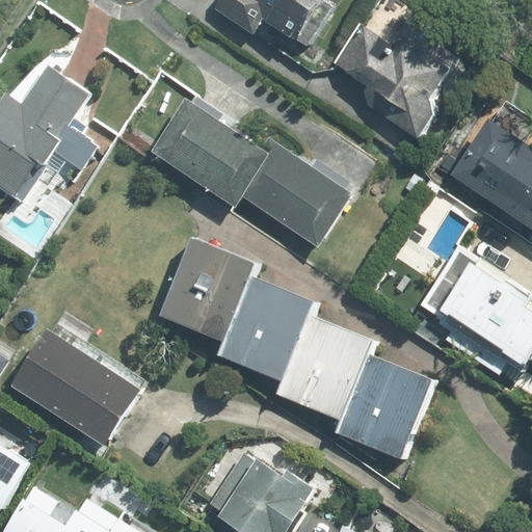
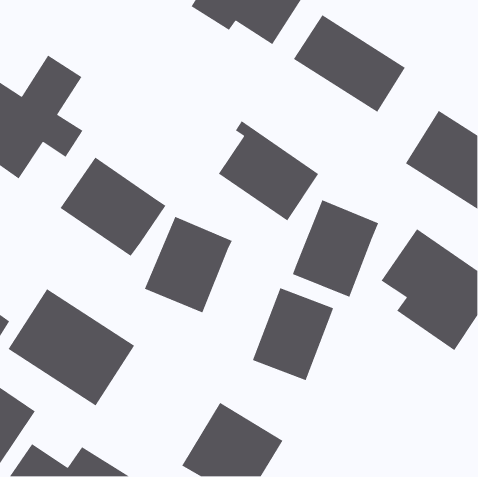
building: [151,97,269,208] -> [59,157,166,257]
building: [220,274,317,383] -> [292,199,379,298]
building: [334,354,435,464] -> none

